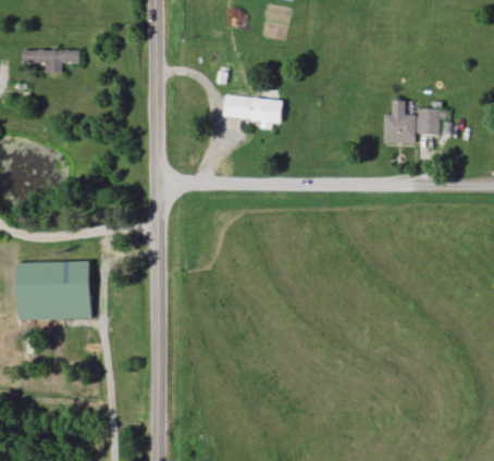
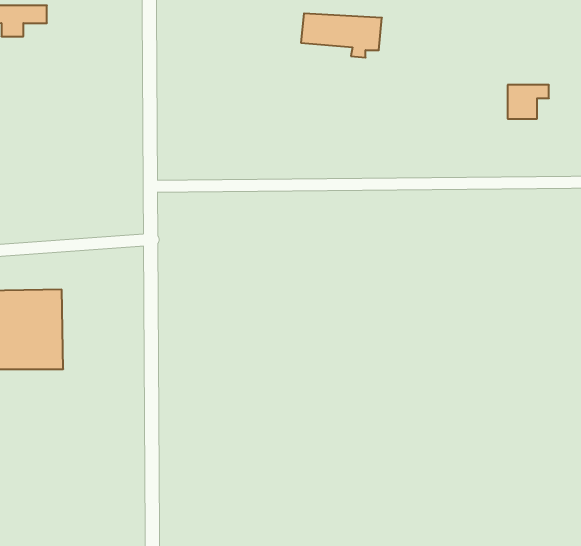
building: [223,96,283,128] -> [301,13,382,58]
building: [384,100,416,142] -> none

